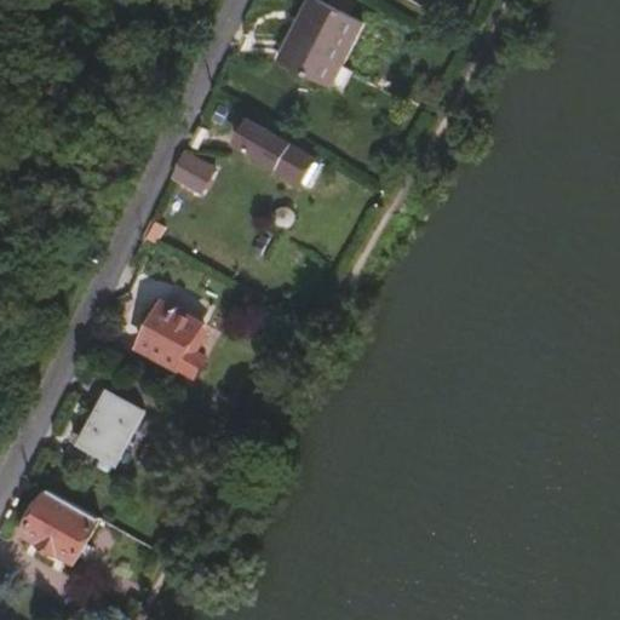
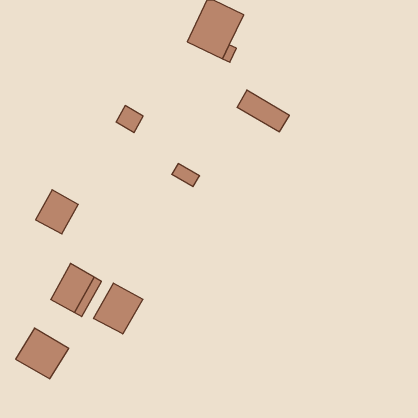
building: [226,117,304,179] -> [237,90,289,132]
building: [134,303,197,368] -> [36,190,78,234]
building: none -> [94,283,143,334]

